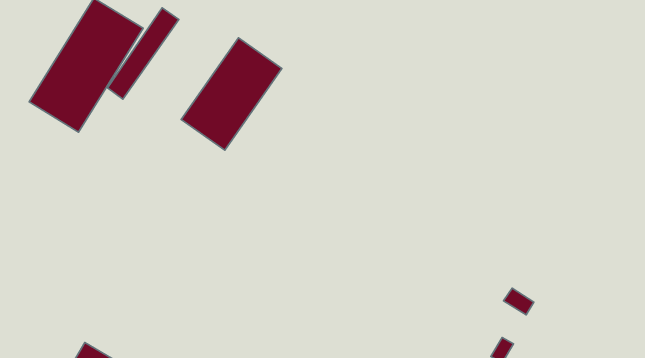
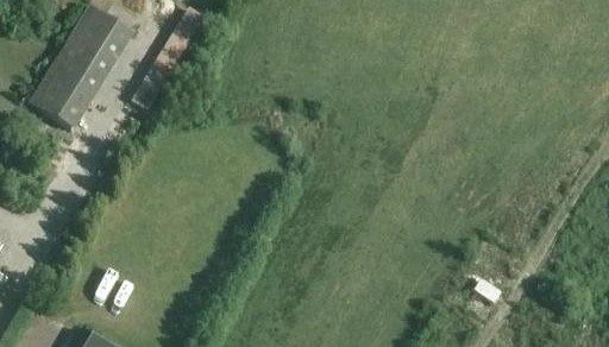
building: [181,38,282,150] -> none

